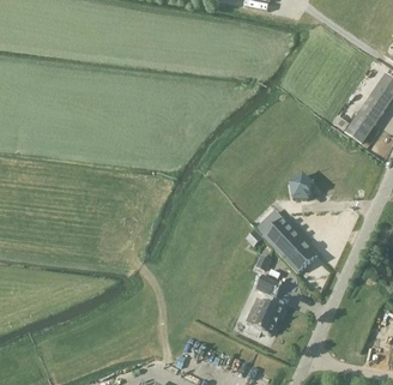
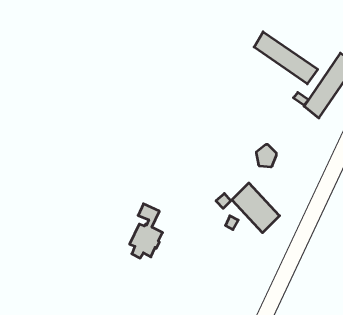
building: none -> [254,32,318,84]
building: [247,273,284,335] -> [130,204,163,258]

